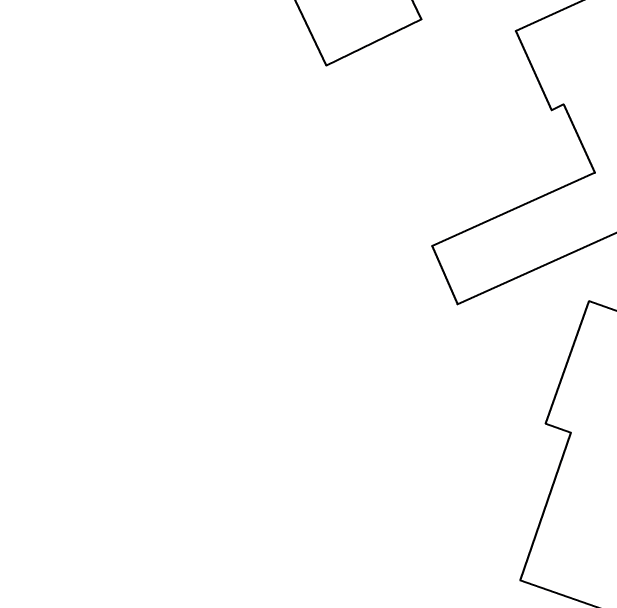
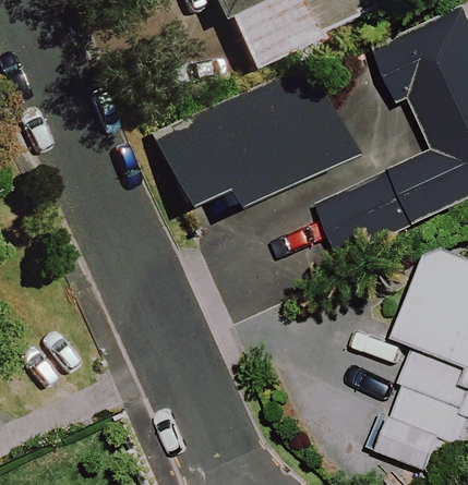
building: none -> [156,66,348,208]

